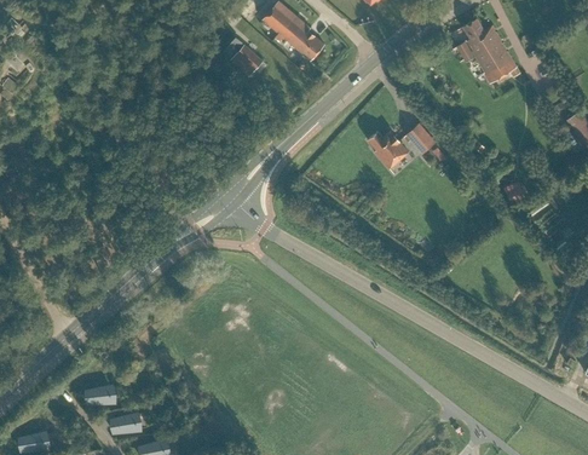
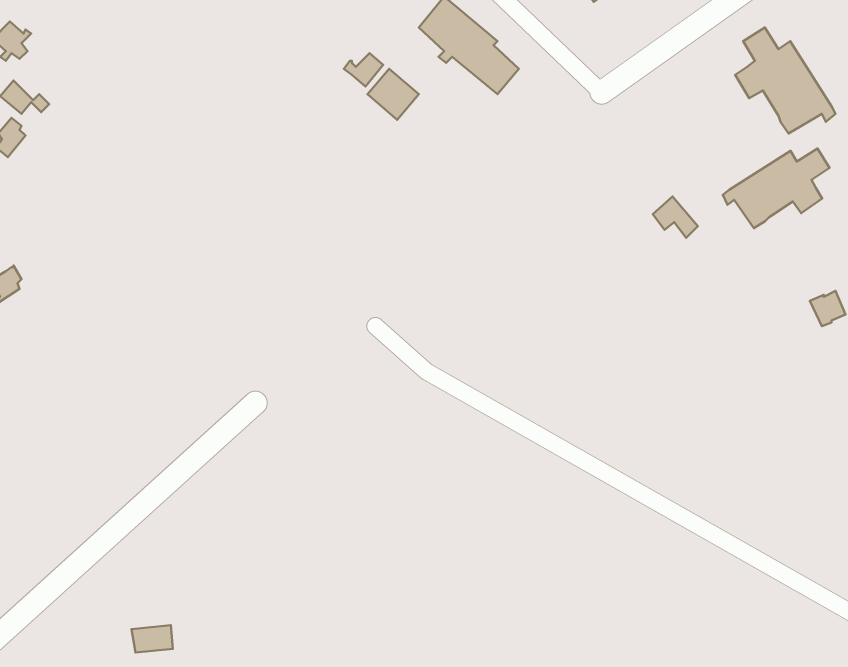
building: none -> [723,149,830,228]
building: [367,131,409,169] -> none

